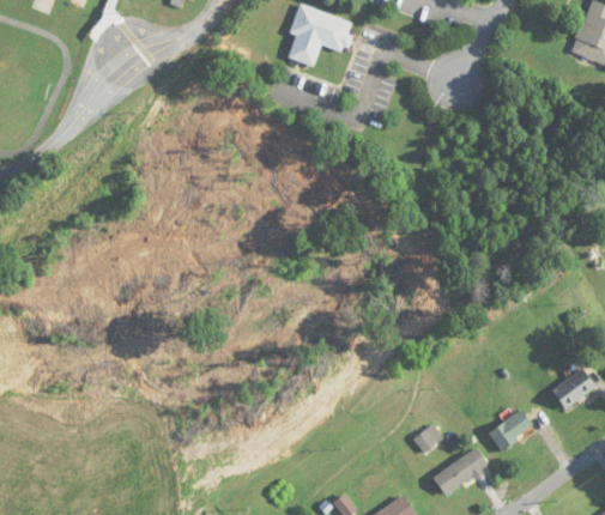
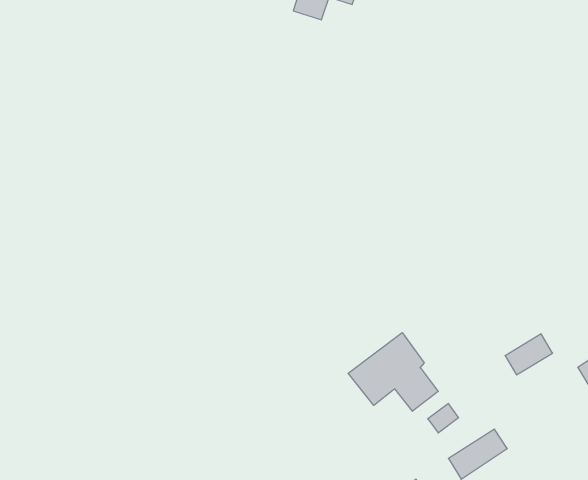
building: none -> [348,333,438,411]
building: [489,410,533,448] -> [505,334,553,375]

